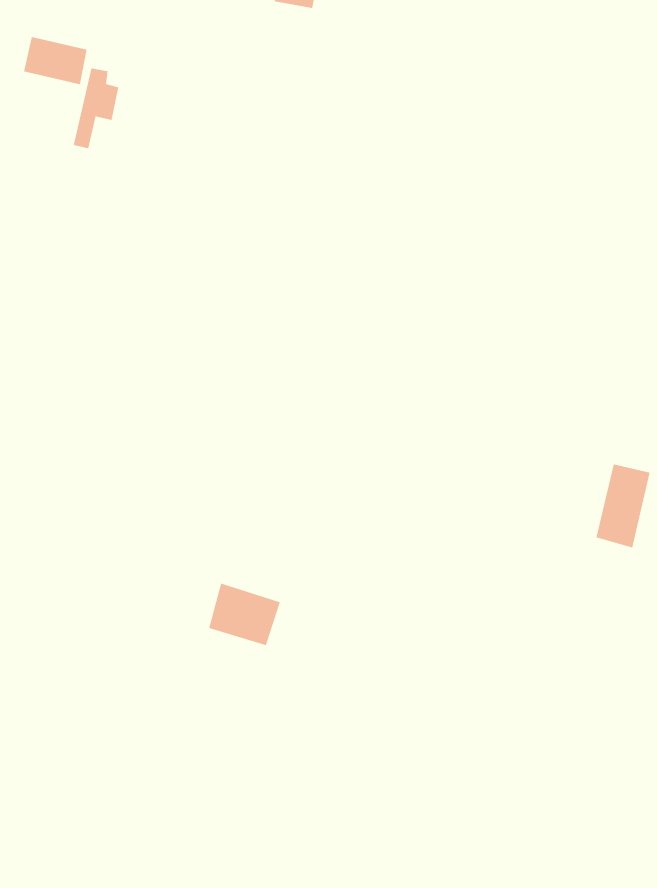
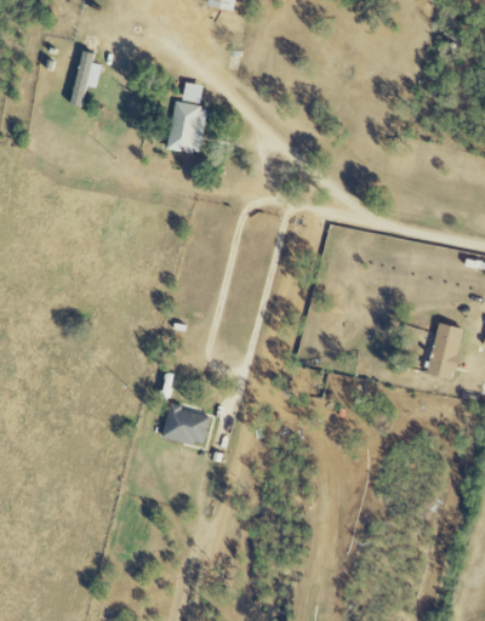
building: [23,36,87,85] -> none
building: none -> [166,82,207,154]

